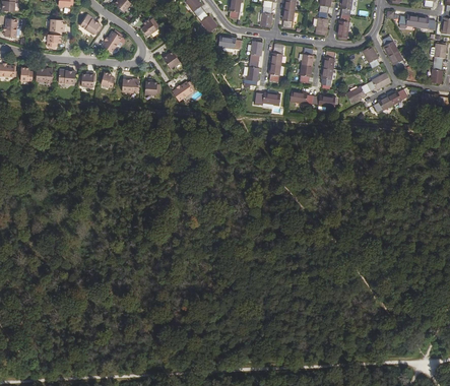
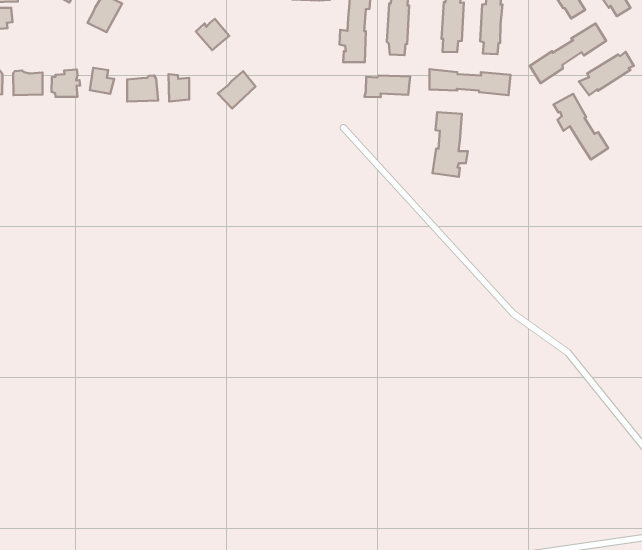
building: none -> [554,94,608,160]
building: none -> [432,112,468,177]

